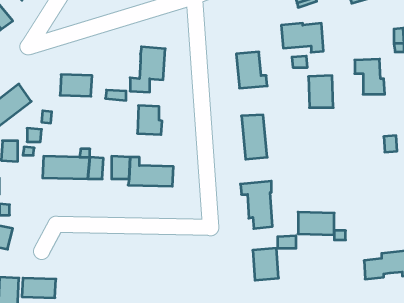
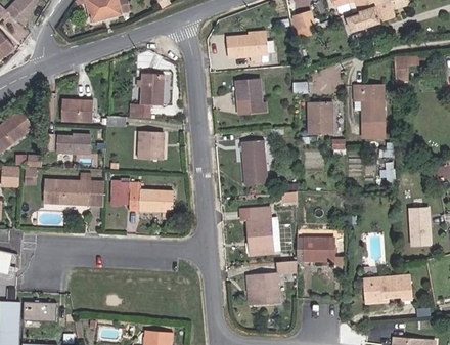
building: [281,23,323,52] -> [225,34,267,62]
building: none -> [362,120,382,138]
building: none -> [56,135,90,155]

